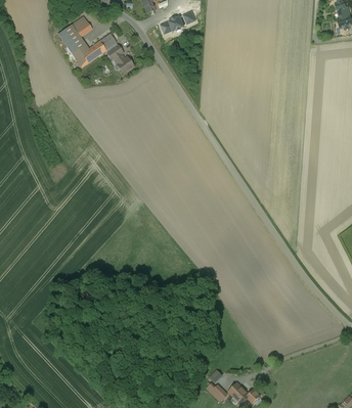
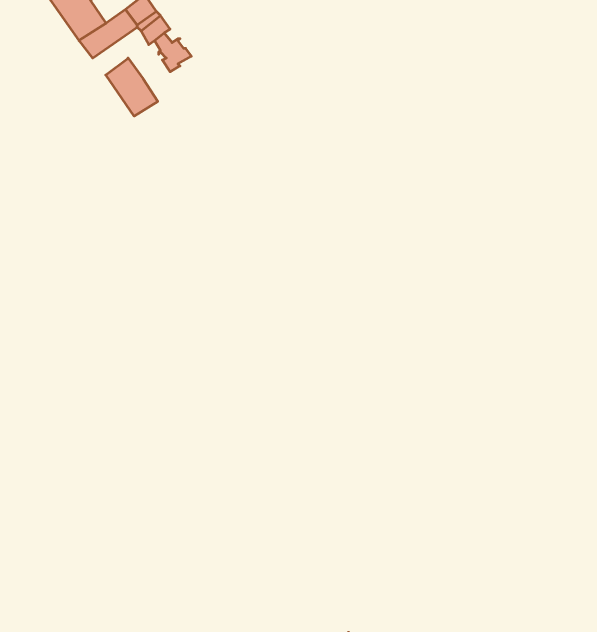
building: none -> [106,58,158,116]

